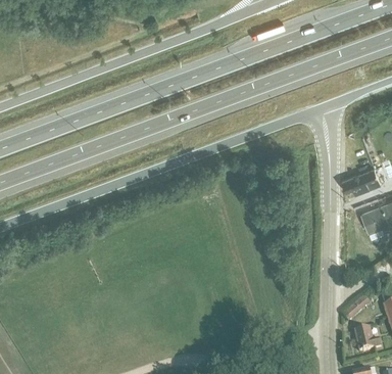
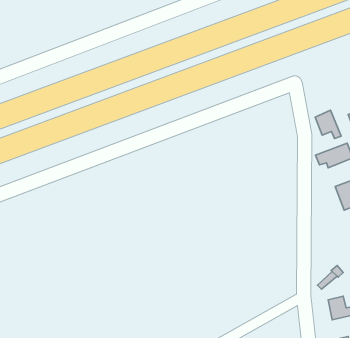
building: none -> [315,110,341,138]

